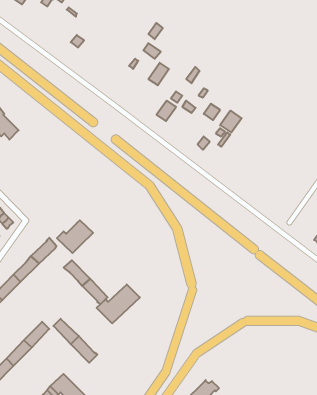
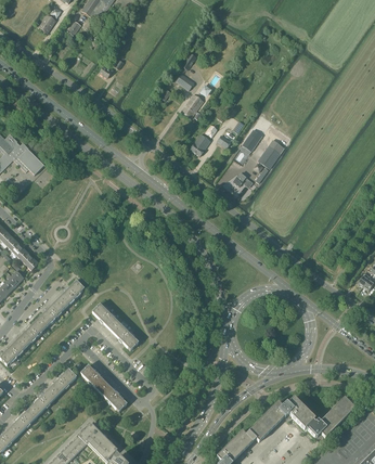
building: [57,220,93,253] -> none
building: [97,284,140,323] -> none
building: none -> [248,396,354,440]

